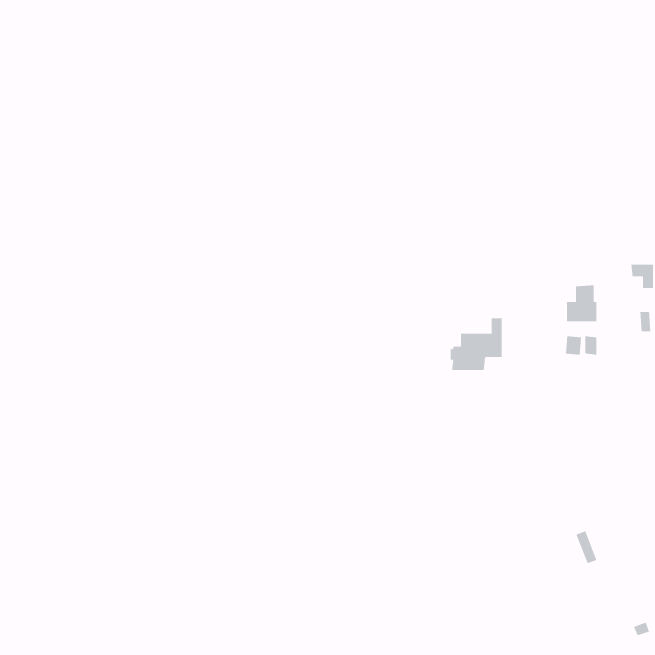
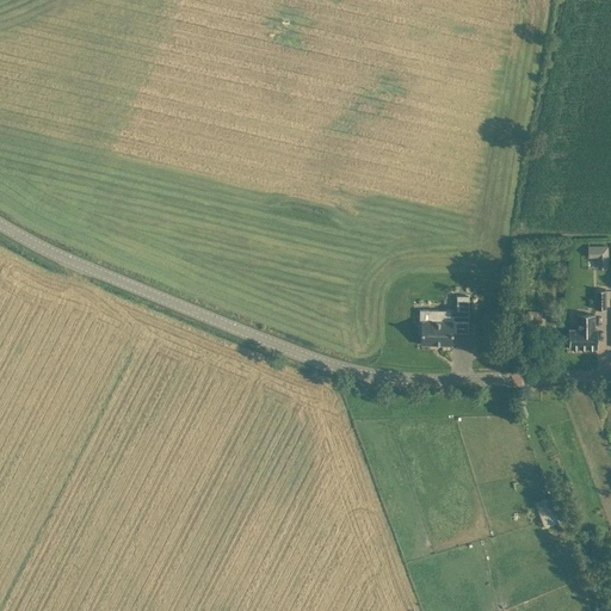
building: [566,285,597,322] -> [568,314,597,348]

